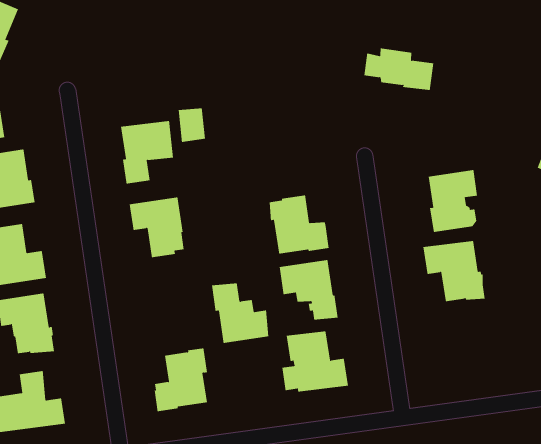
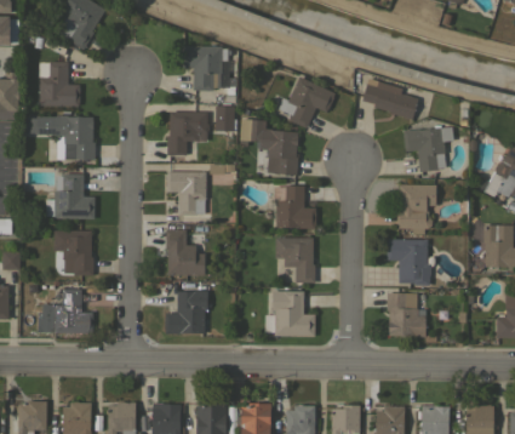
building: none -> [182,46,228,91]
building: none -> [273,76,336,129]
building: none -> [404,127,453,176]
building: none -> [250,120,298,176]
building: [211,283,269,343] -> [166,229,206,275]
building: none -> [387,293,427,337]

